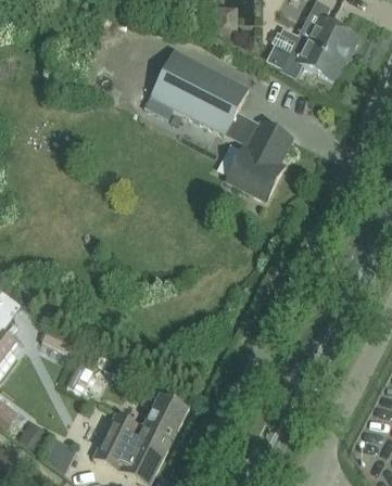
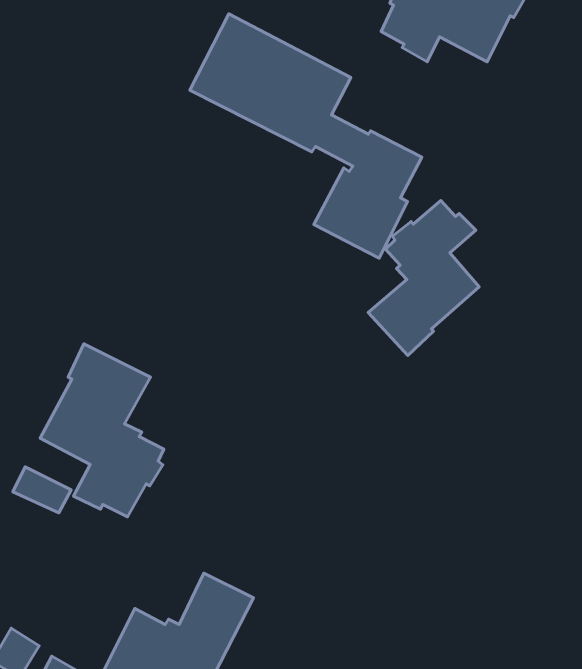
building: none -> [368,201,479,356]
building: none -> [40,344,164,517]

